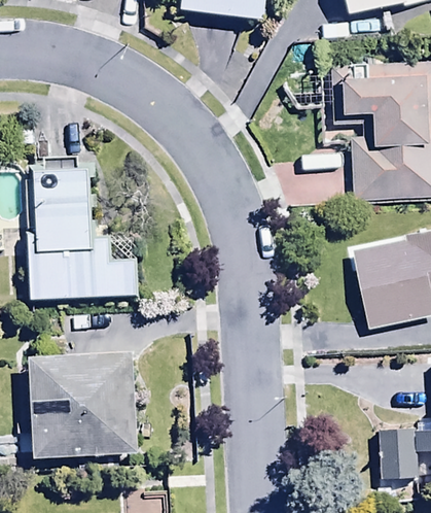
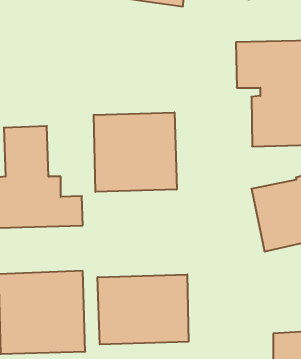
building: none -> [94,112,177,192]
building: none -> [98,274,188,344]

